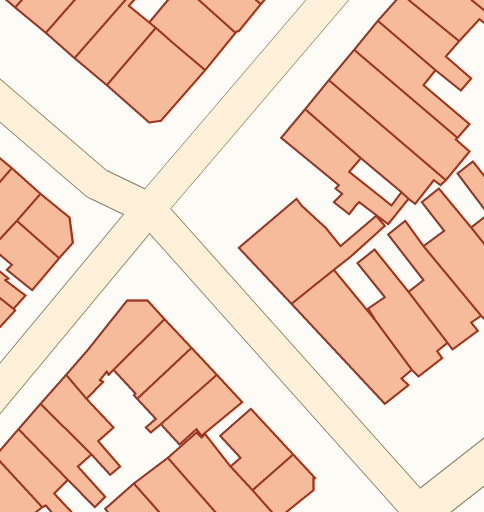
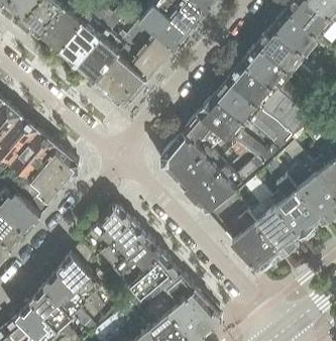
building: none -> [162,113,234,179]

